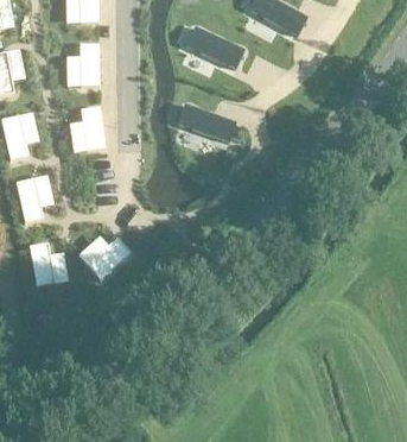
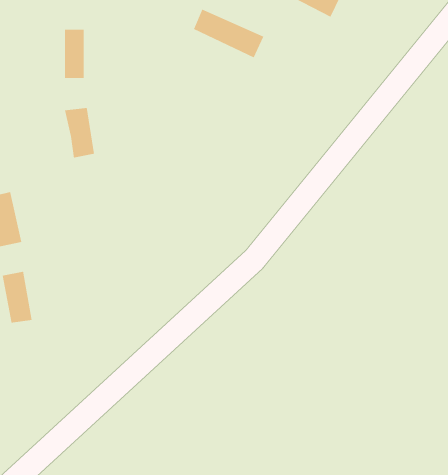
building: [178,103,236,143] -> none
building: [87,240,131,280] -> none

